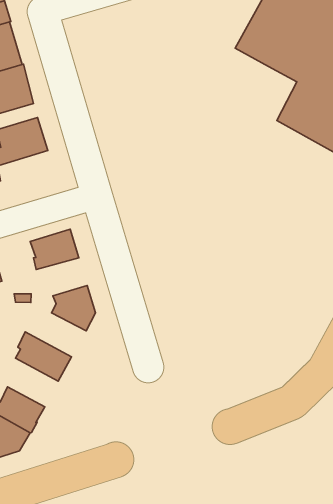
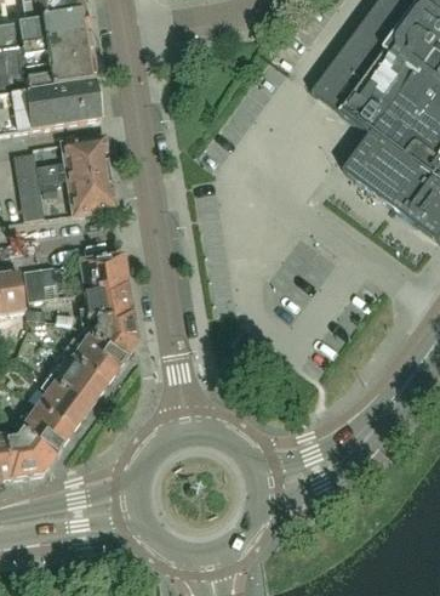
building: none -> [67,170,115,212]
building: none -> [81,283,132,319]
building: none -> [63,329,126,382]
building: none -> [38,376,90,430]

